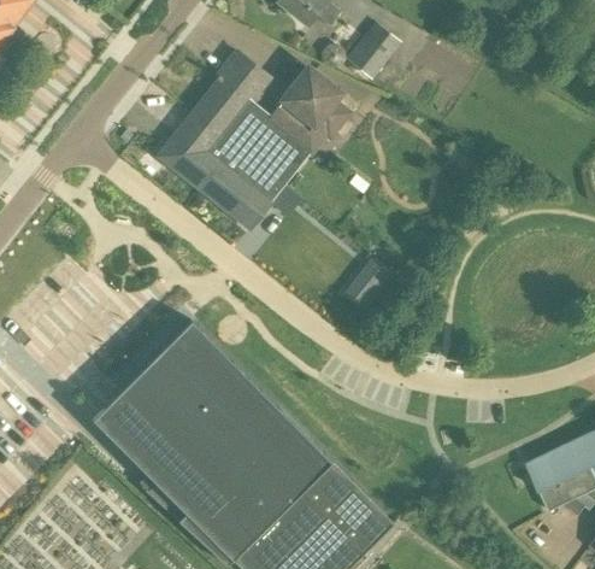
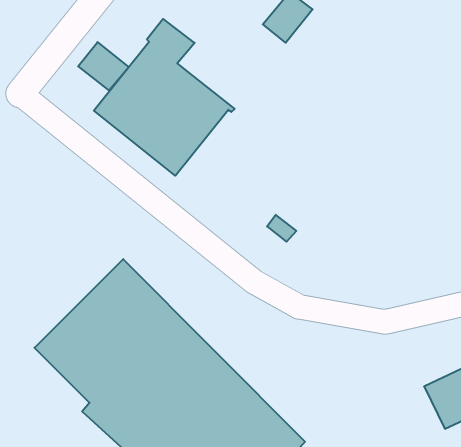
building: [270,63,353,153] -> none
building: none -> [78,42,129,90]

